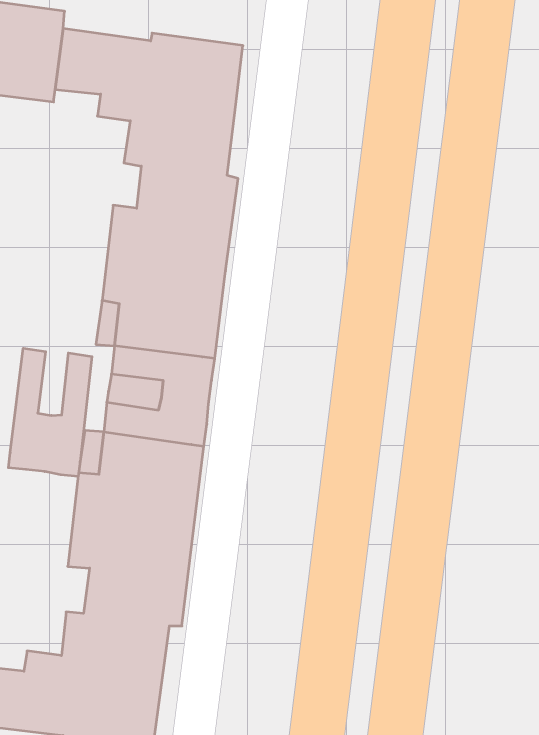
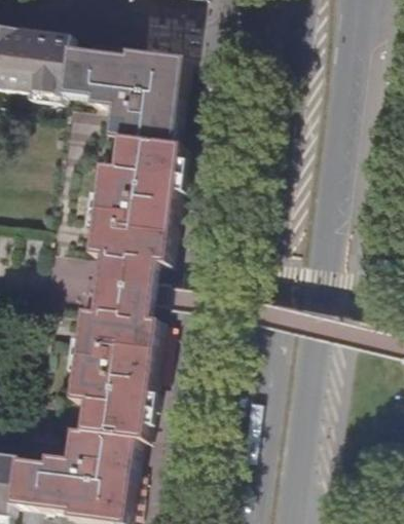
building: [8,348,92,476] -> none

